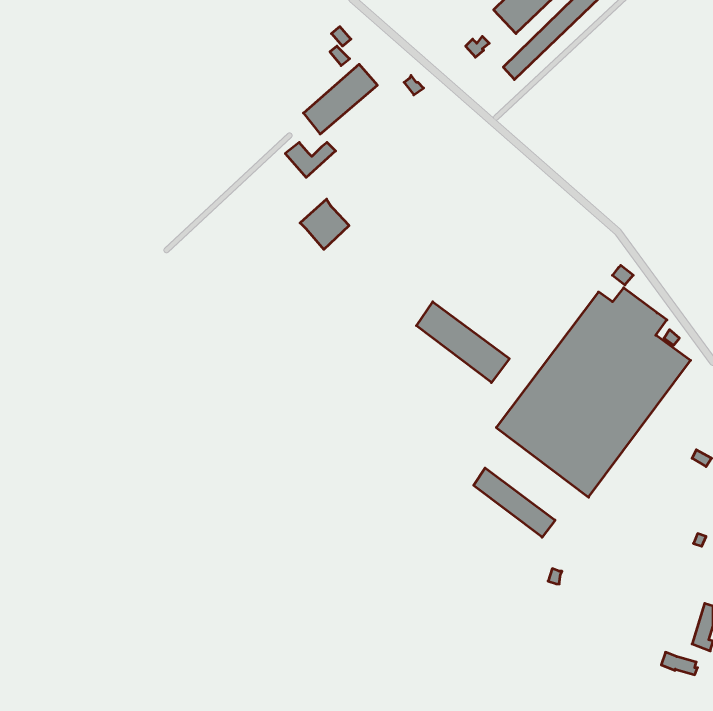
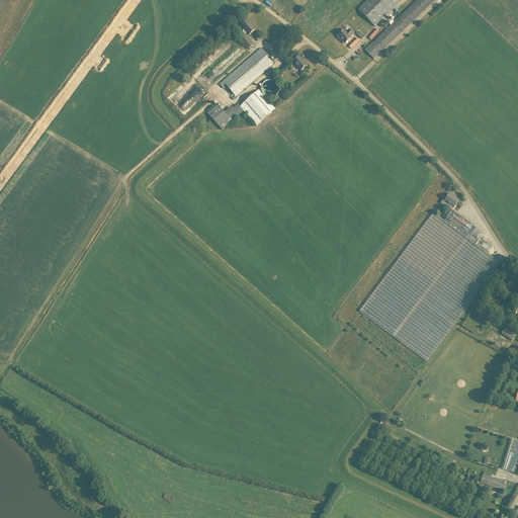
building: [300,199,349,249] -> [239,88,274,124]
building: [416,302,509,383] -> none
building: [474,468,555,537] -> none

